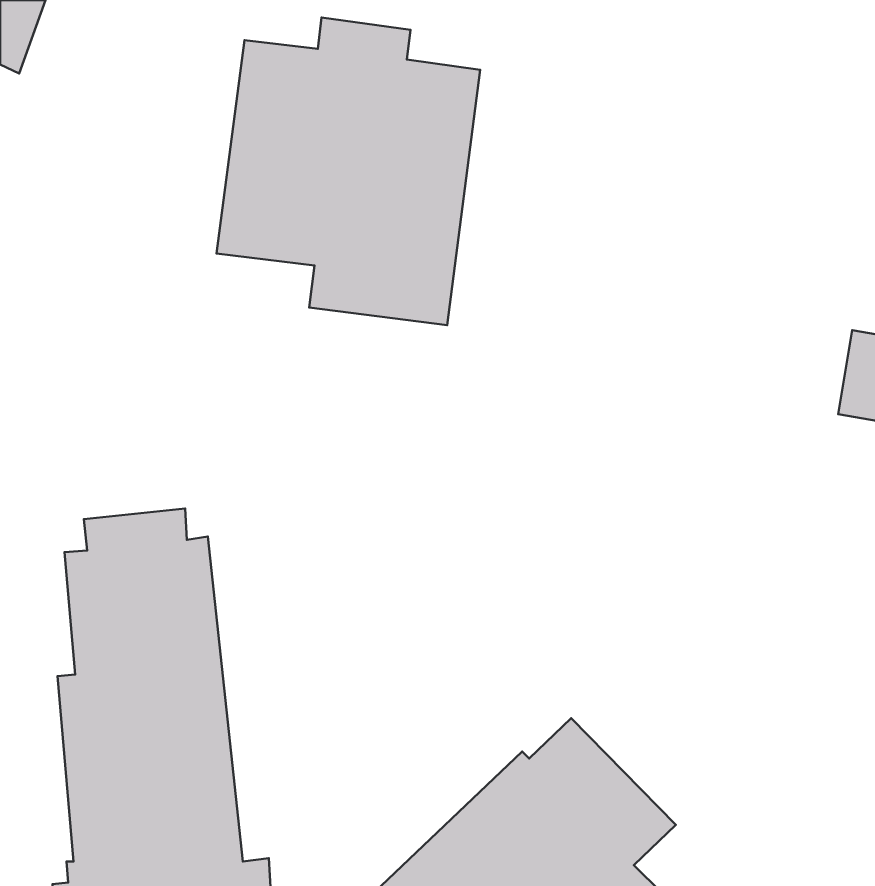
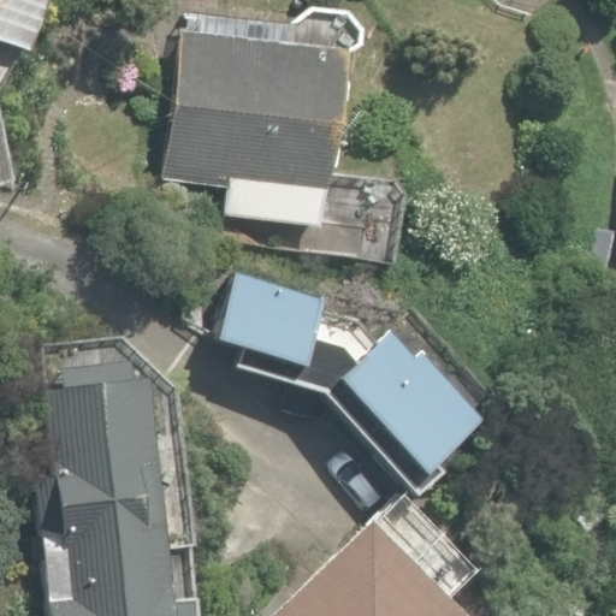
building: none -> [220,271,487,497]

